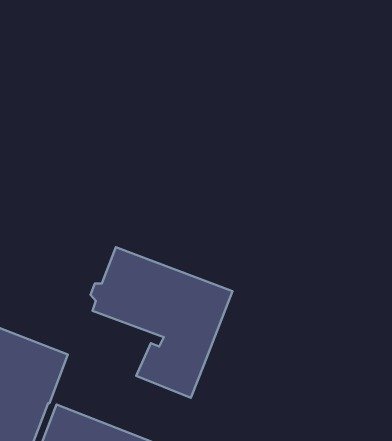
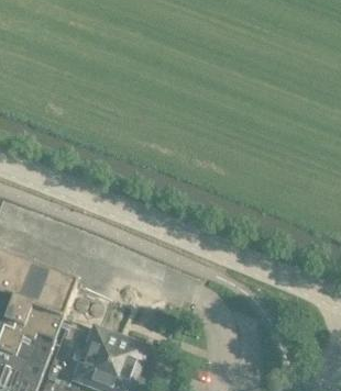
building: [90,247,232,398] -> none

